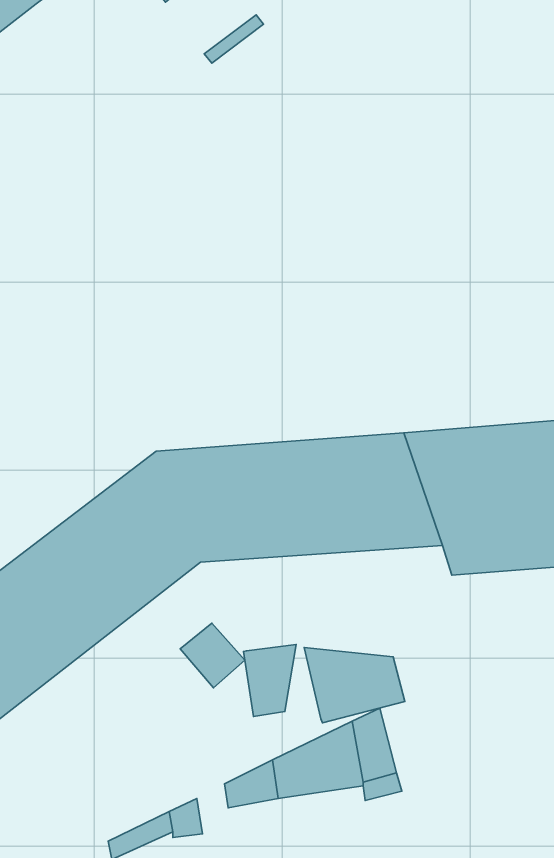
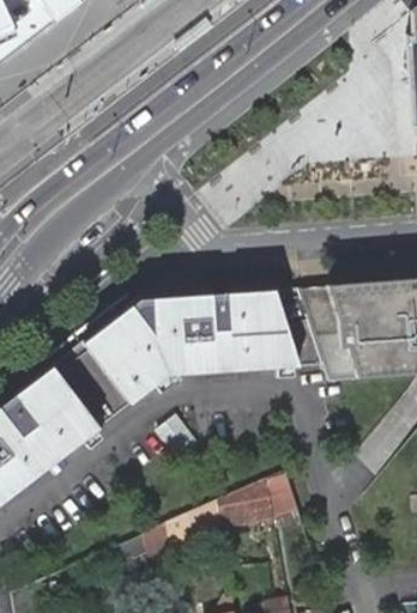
building: [244,645,296,717] -> none
building: [304,648,405,723] -> none

